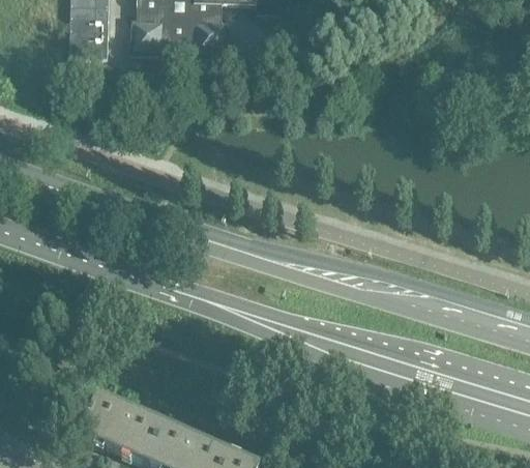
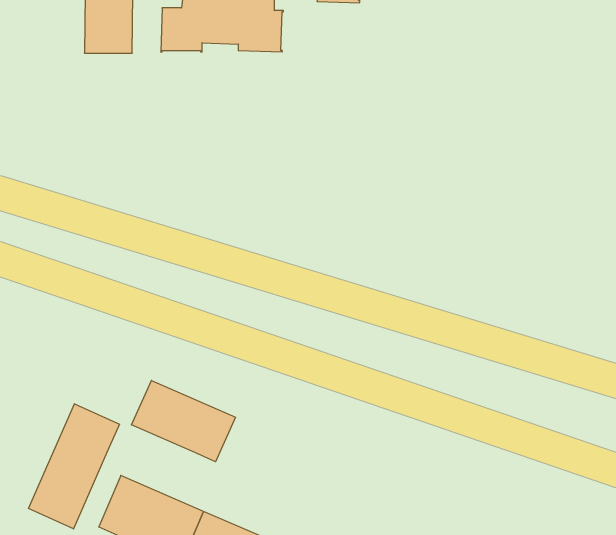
building: none -> [131,380,236,462]
building: none -> [29,404,119,529]

